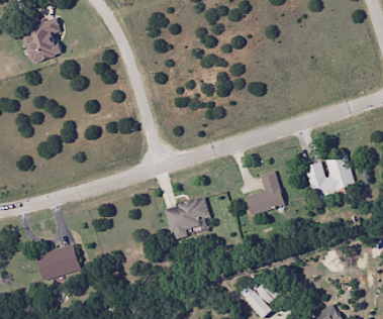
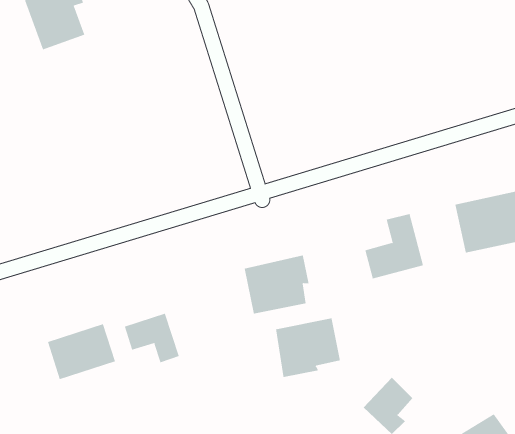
building: none -> [124,313,179,363]
building: none -> [275,318,340,378]

